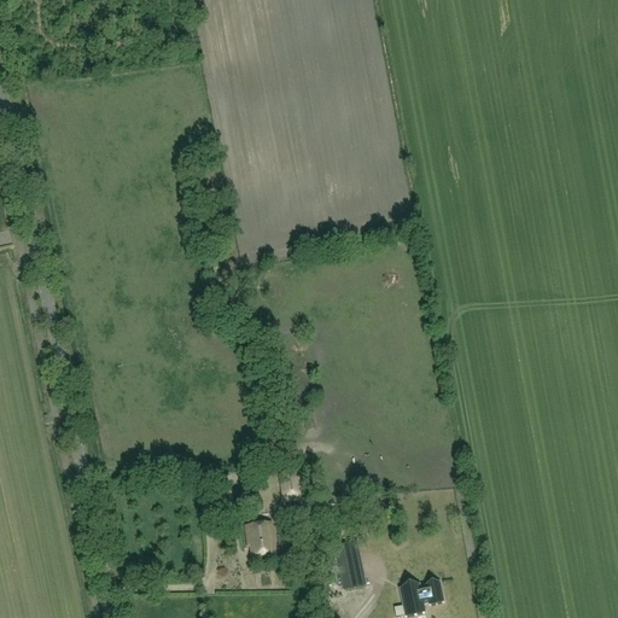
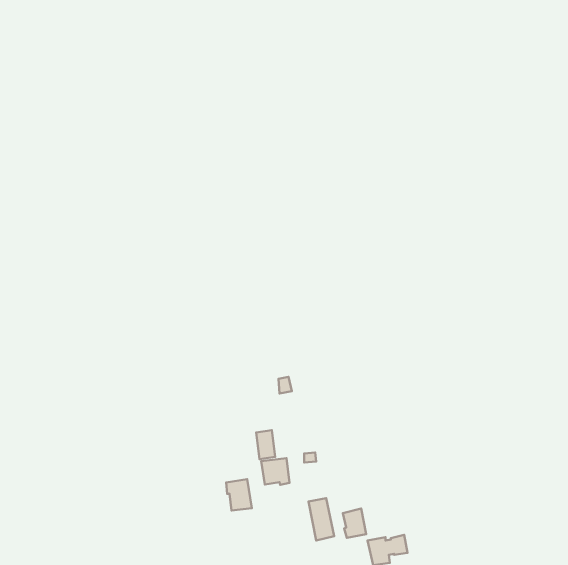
building: none -> [261,458,290,485]
building: none -> [343,509,366,538]

